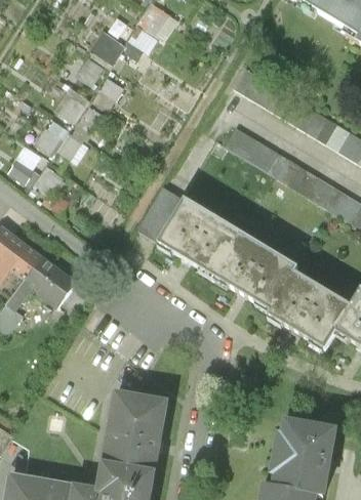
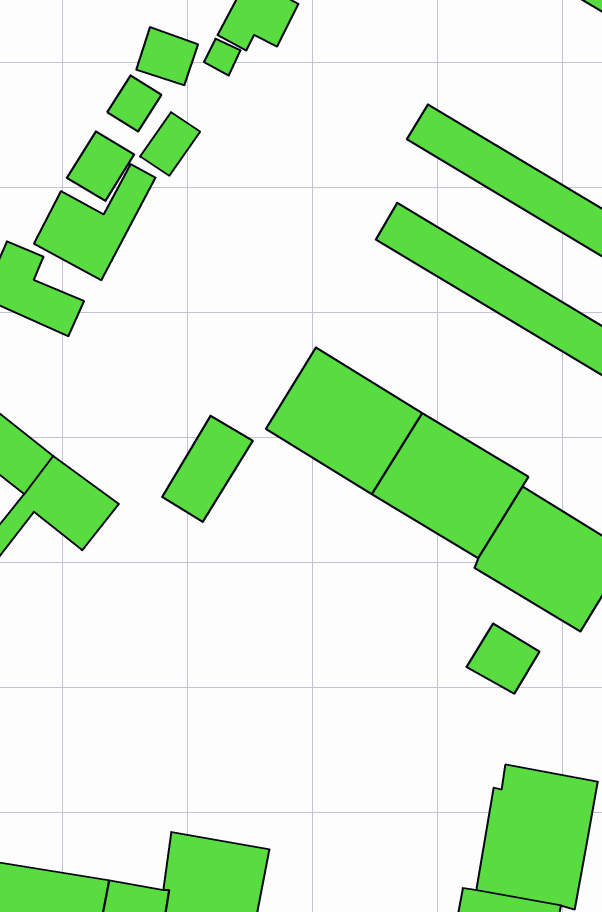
building: [136,185,185,242] -> [162,416,253,522]
building: none -> [466,623,539,694]
building: [108,388,171,465] -> none

